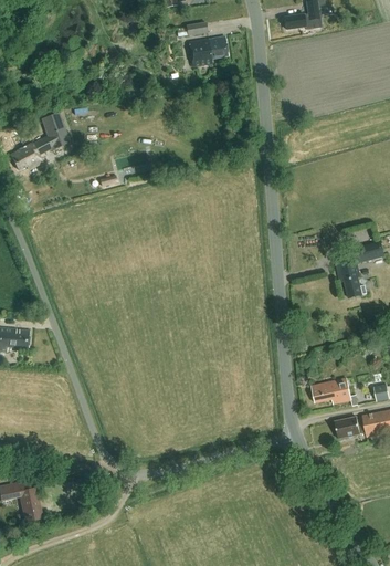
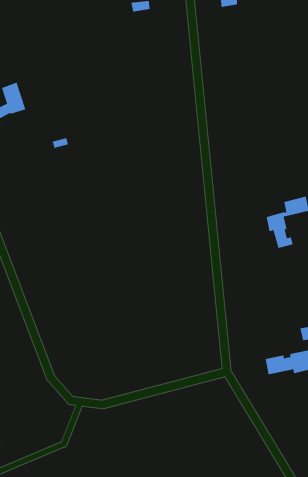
building: [189,36,228,66] -> none
building: [312,377,351,403] -> none

